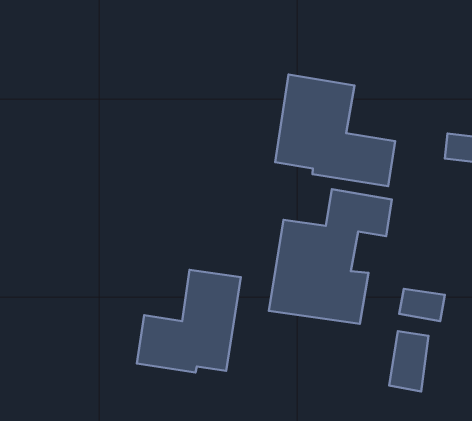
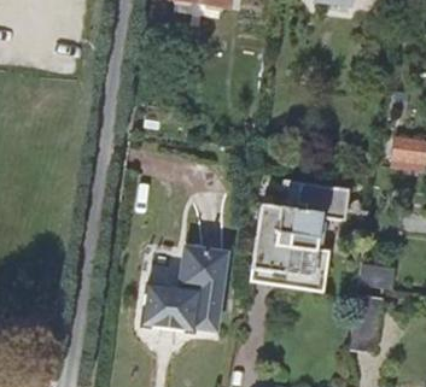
building: [275,75,395,186] -> none

